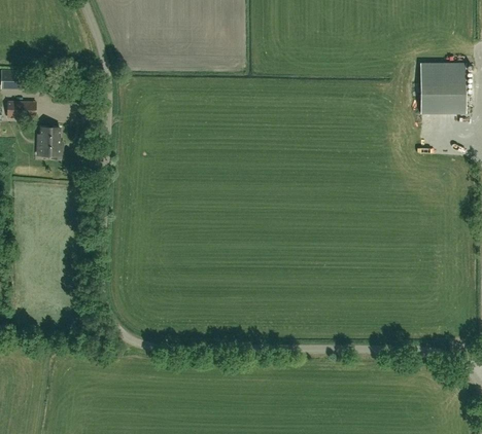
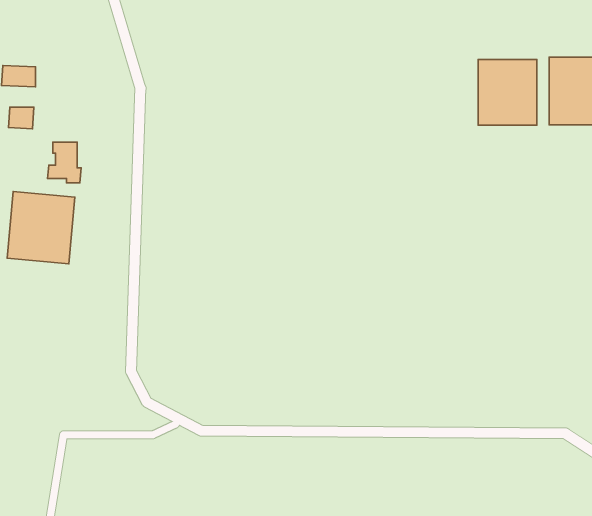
building: none -> [478,60,537,125]
building: none -> [7,191,75,264]

